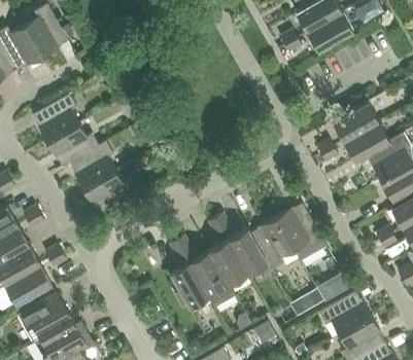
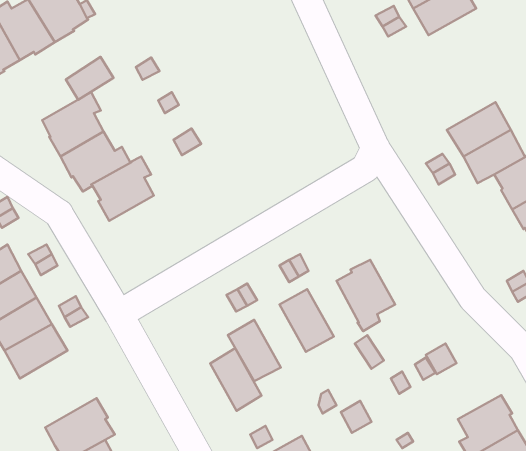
building: none -> [66,57,114,100]
building: [82,171,136,215] -> none
building: [275,205,322,251] -> none
building: [229,229,267,275] -> none
building: [190,251,228,297] -> [210,348,262,411]
building: [319,292,372,335] -> none
building: [19,294,73,343] -> none

